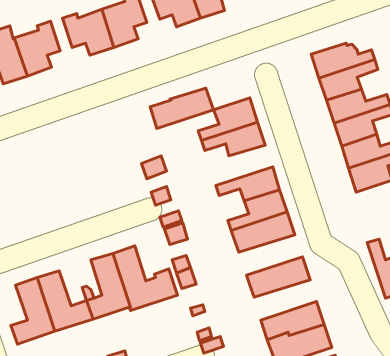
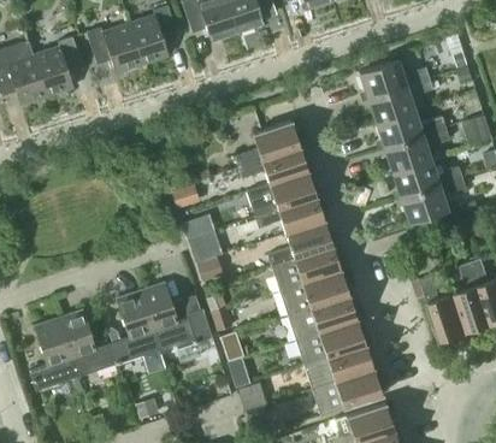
building: [150,88,214,129] -> [247,171,317,215]
building: none -> [279,270,349,314]
building: none -> [296,319,365,364]

